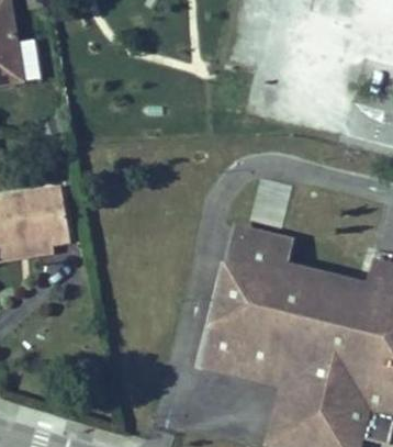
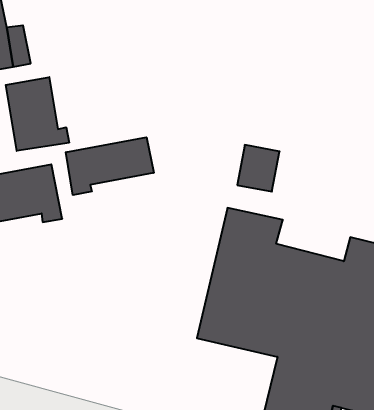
building: none -> [6,77,69,151]
building: none -> [66,137,154,195]

